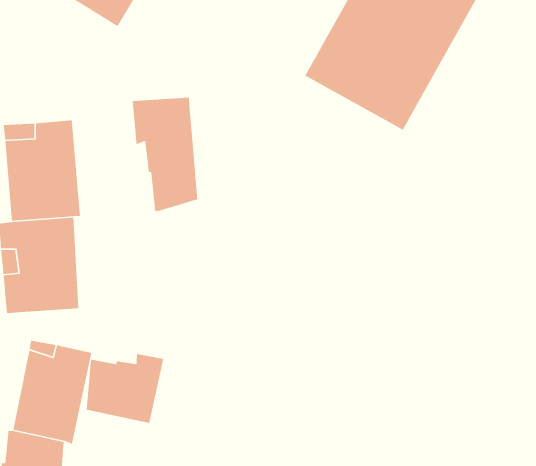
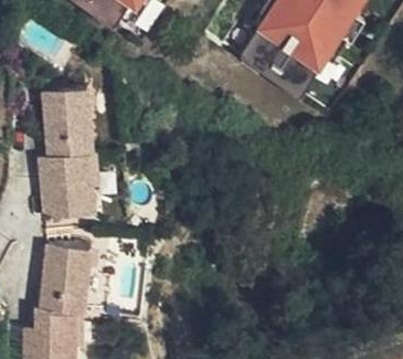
building: [132,97,198,212] -> none
building: [86,353,164,424] -> none

